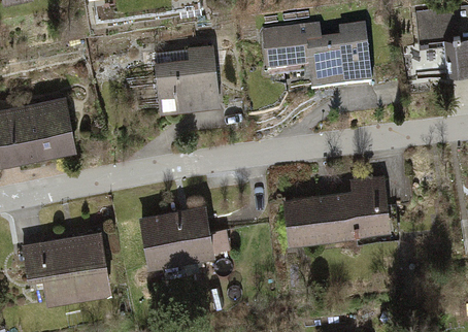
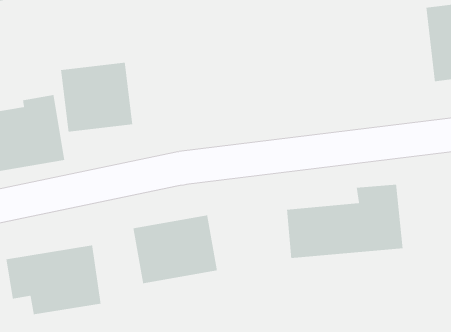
building: [259,26,373,97] -> none
building: [153,47,221,113] -> [60,62,133,132]

